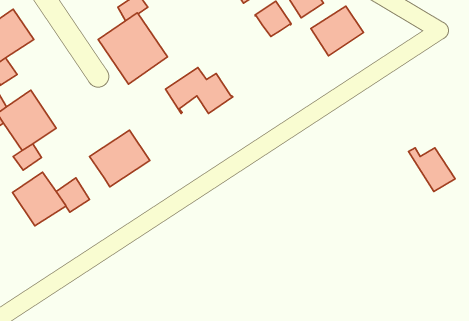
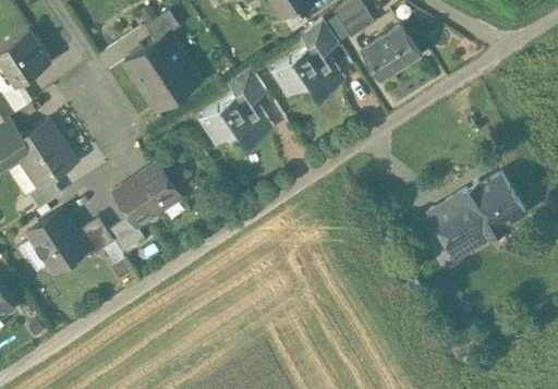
building: none -> [270,47,345,98]
building: none -> [227,69,267,108]
building: none -> [421,189,498,264]
building: none -> [108,218,144,254]

